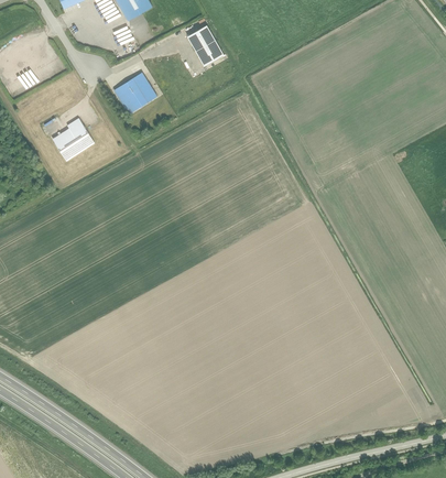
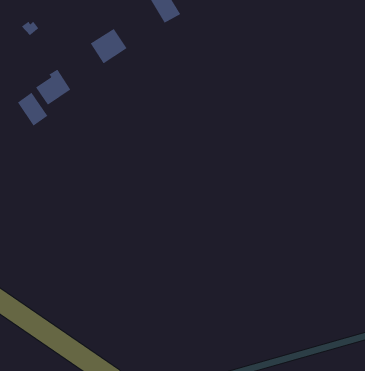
building: none -> [17,92,48,127]

